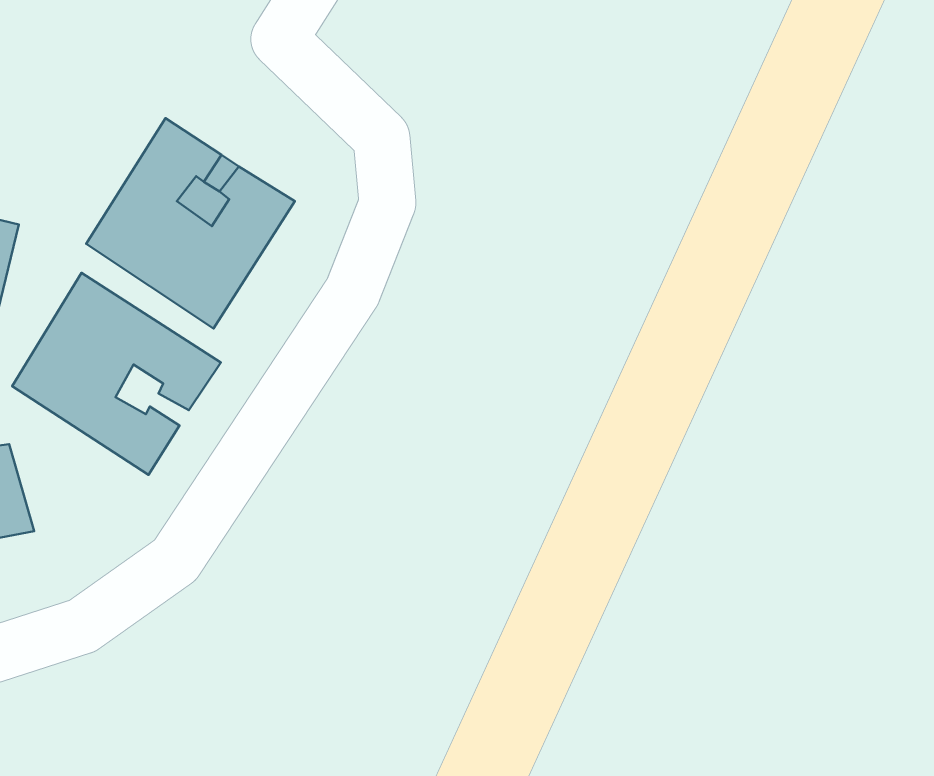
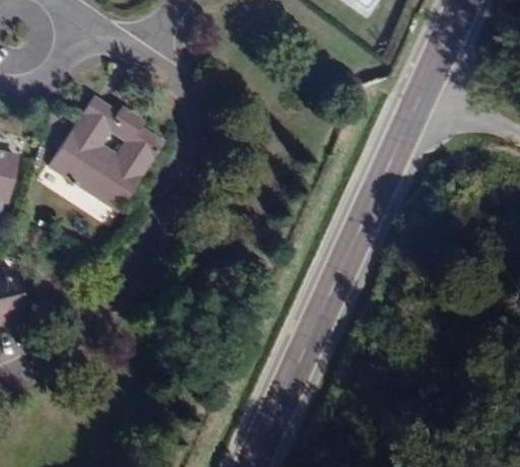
building: [12,273,221,475] -> none

